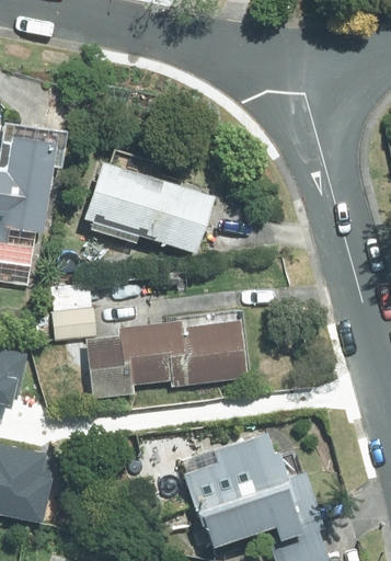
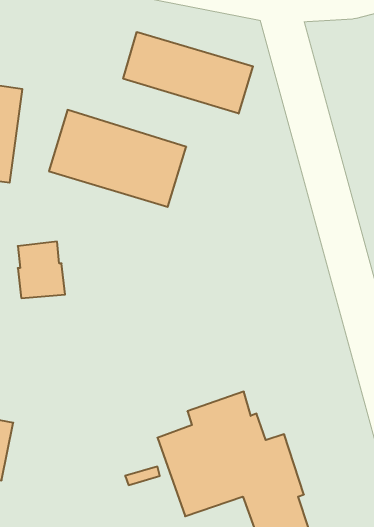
building: none -> [123,32,253,114]
building: [84,321,246,399] -> none

